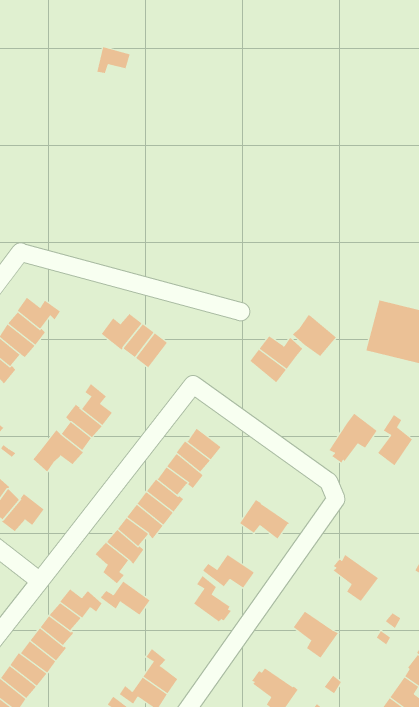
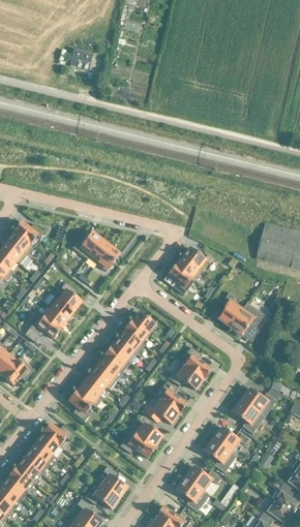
building: [292,314,337,357] -> [163,264,194,293]
building: [377,414,413,466] -> [218,290,243,327]
building: none -> [184,345,212,378]
building: none -> [159,380,187,412]
building: none -> [242,388,277,415]
building: [100,580,150,615] -> [120,432,155,457]
building: none -> [214,426,249,452]
building: none -> [186,465,221,491]

